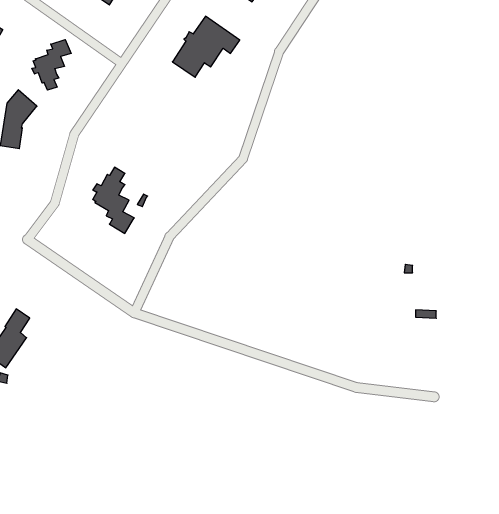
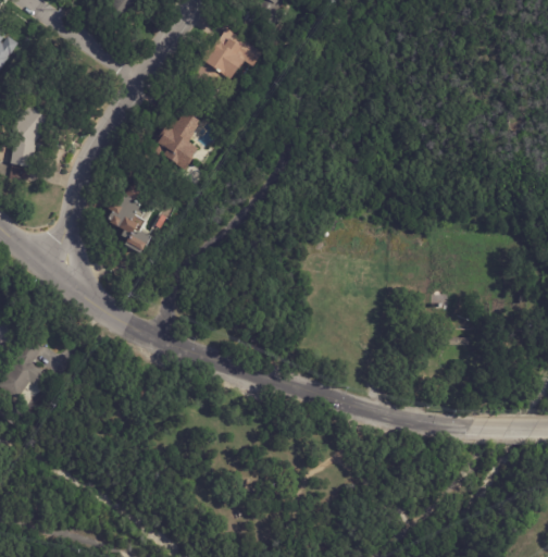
building: [32,40,71,90] -> none
building: none -> [150,98,200,173]

